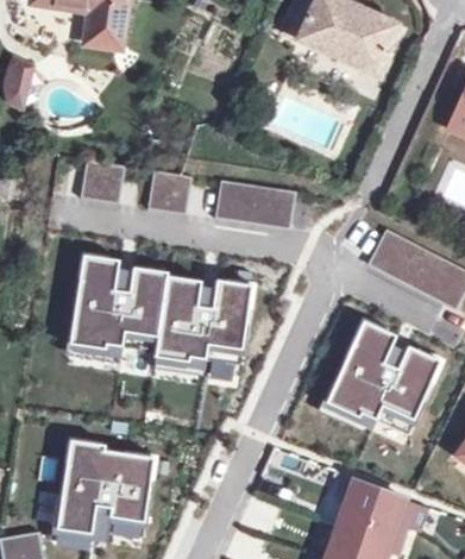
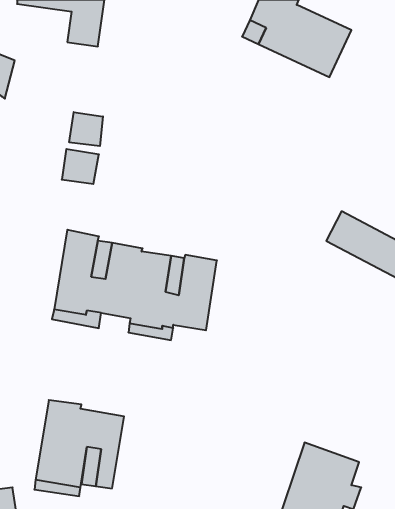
building: none -> [69,112,103,146]
building: [150,172,190,212] -> none
building: [219,183,293,226] -> none
building: [327,318,439,416] -> none

